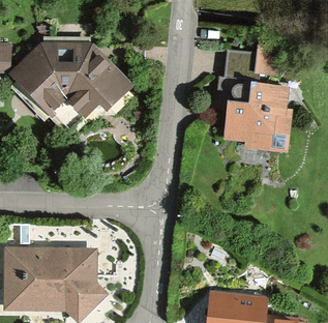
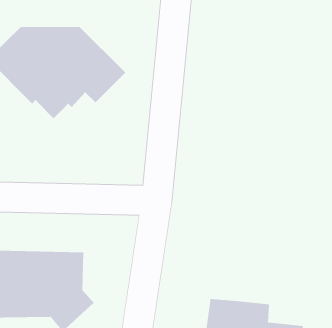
building: [221,46,291,151] -> none

